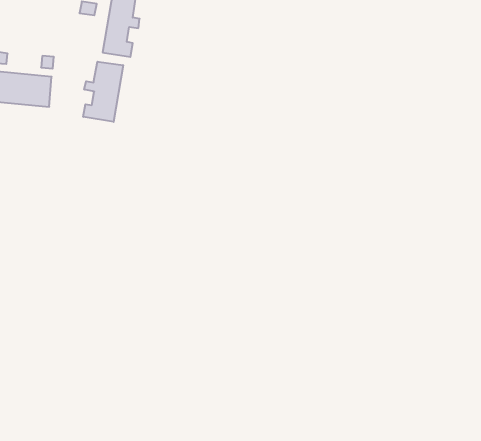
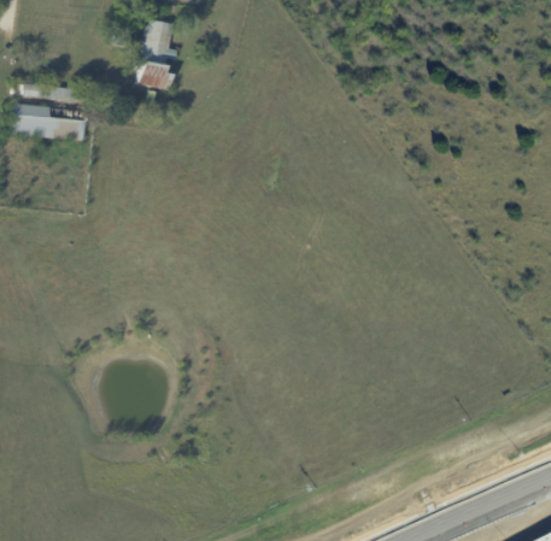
building: [83,62,123,122] -> none

